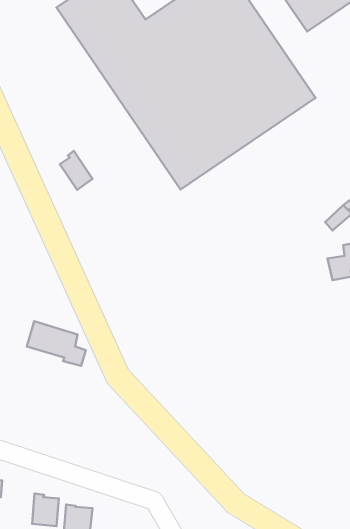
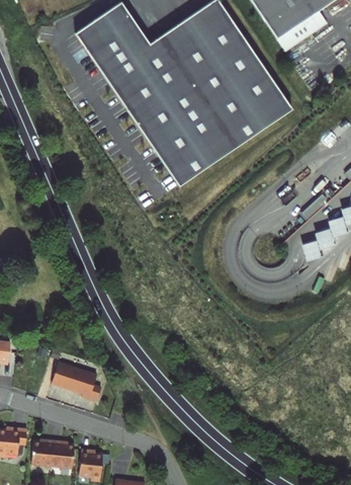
building: [60,151,93,190] -> none
building: [27,321,86,366] -> [52,363,101,401]
building: none -> [32,440,56,466]

